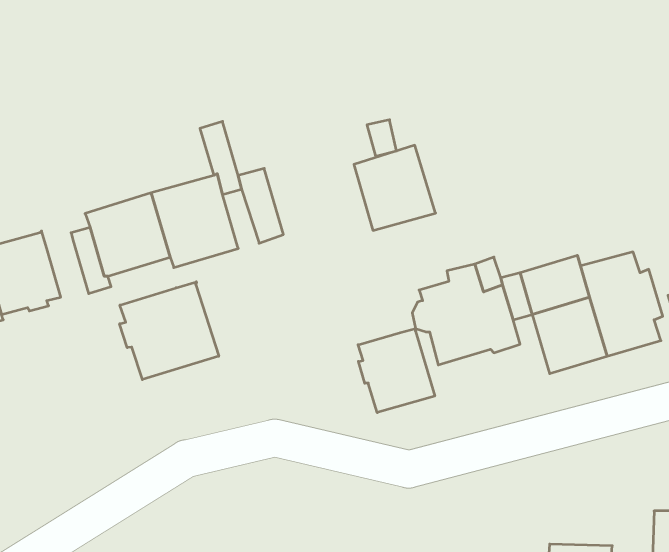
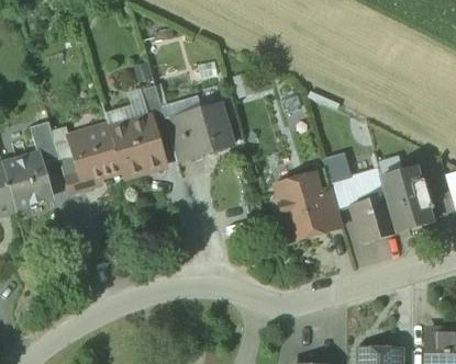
building: [354,145,436,230] -> [181,101,233,155]
building: none -> [31,121,60,163]
building: [120,282,219,380] -> none
building: [358,328,435,413] -> none

